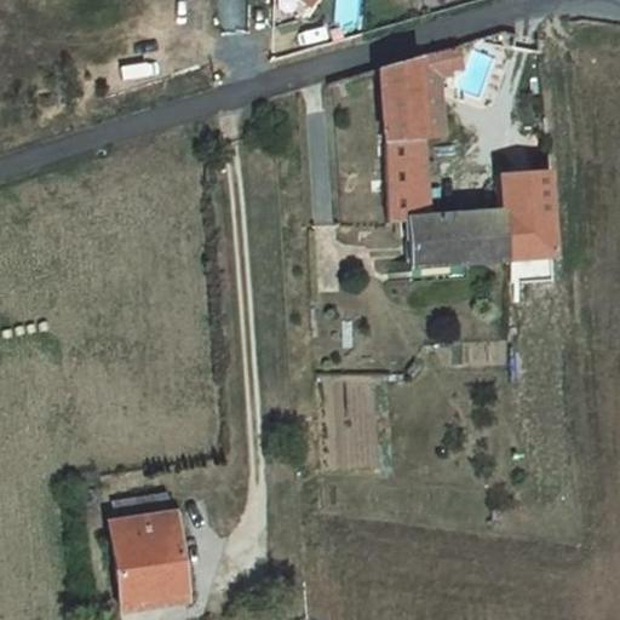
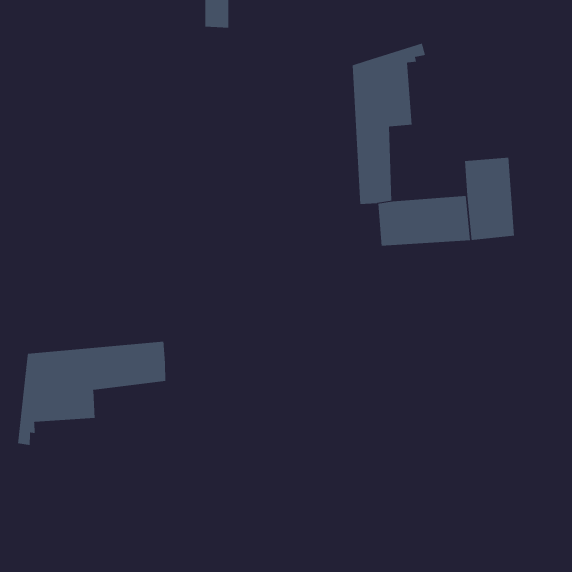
building: none -> [18,341,166,446]
building: [113,495,180,598] -> none

